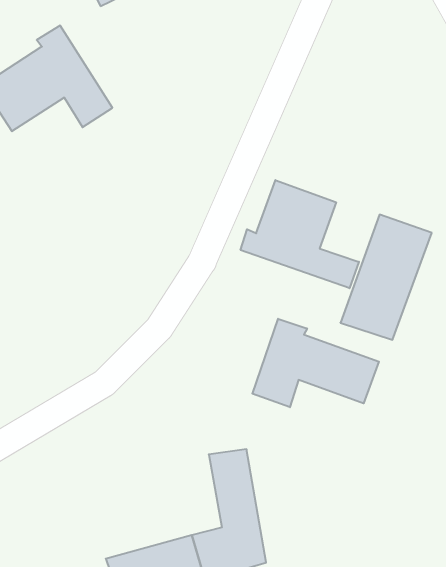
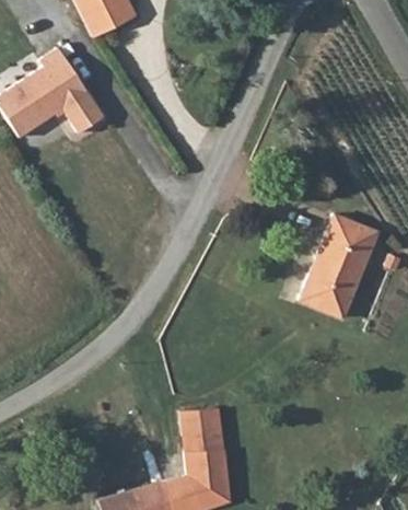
building: [241,180,359,288] -> none
building: [252,319,379,407] -> none

